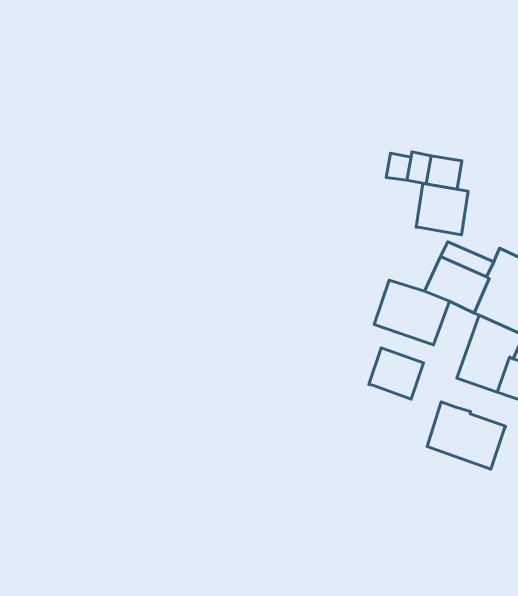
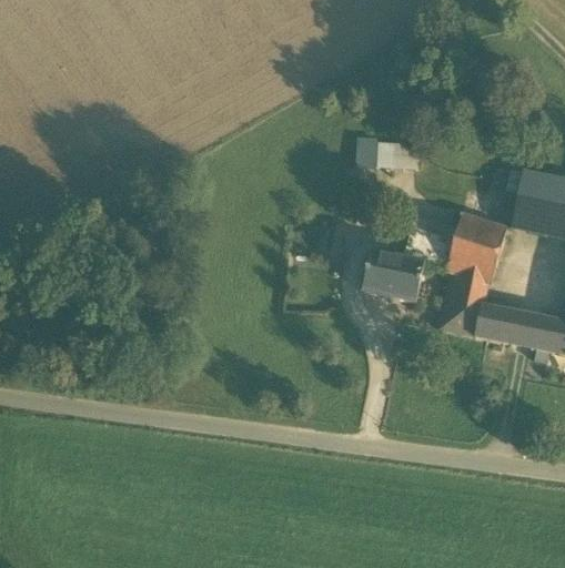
building: [416,183,468,235] -> none
building: [369,348,423,399] -> none
building: [427,402,505,469] -> none

